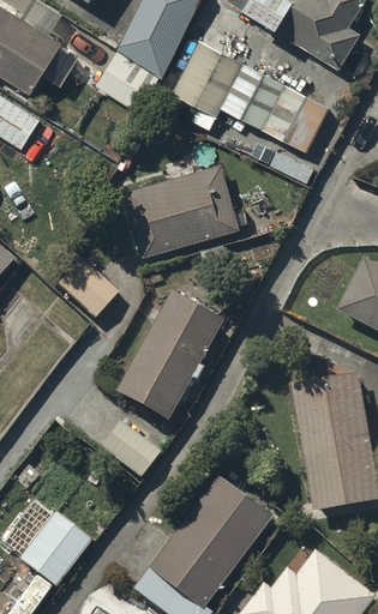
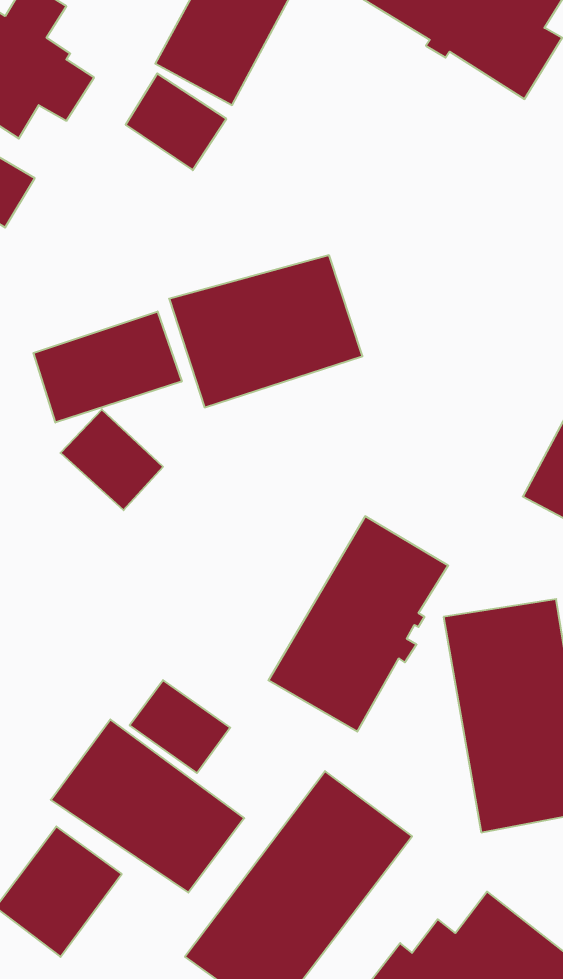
building: [174,40,331,151] -> none
building: none -> [33,311,182,423]
building: [113,291,222,422] -> [268,516,448,732]
building: none -> [51,719,244,893]

